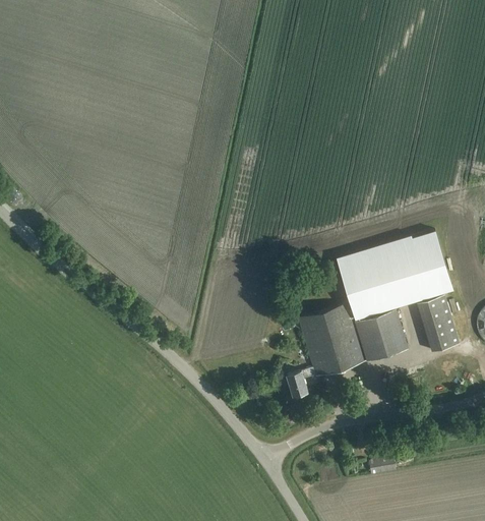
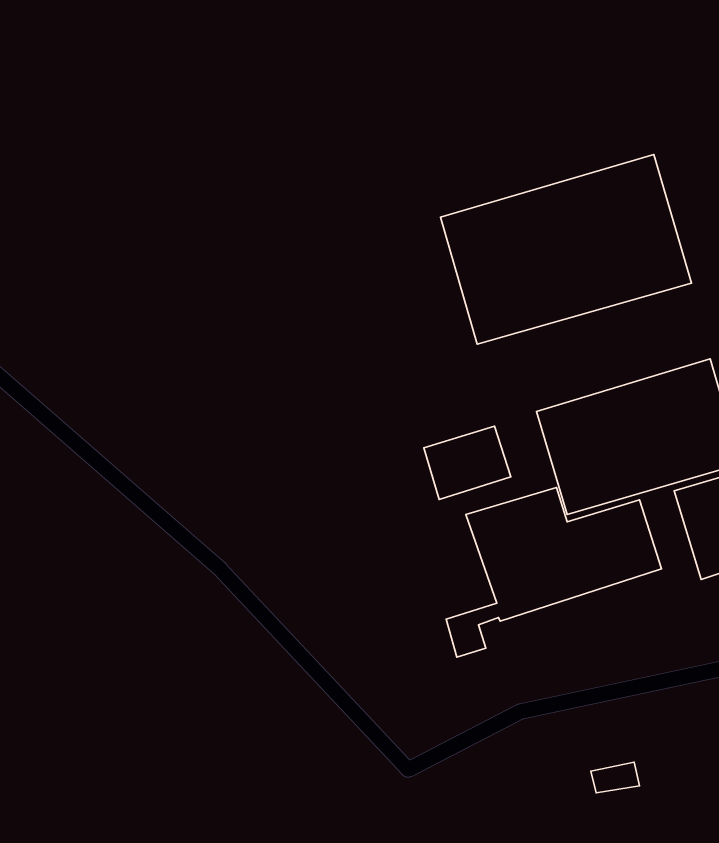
building: none -> [441,154,692,344]
building: none -> [424,426,511,500]

